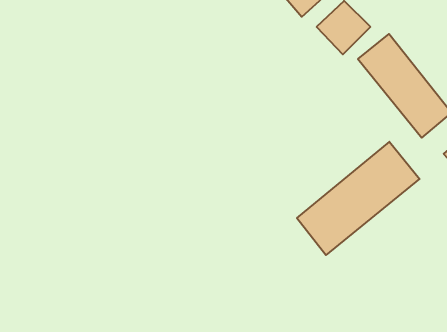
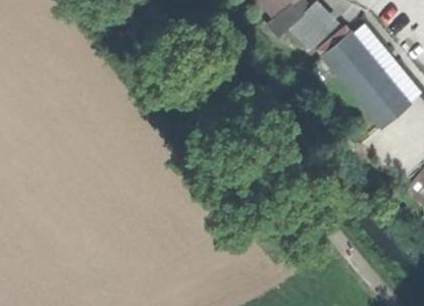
building: [297,142,420,255] -> none

